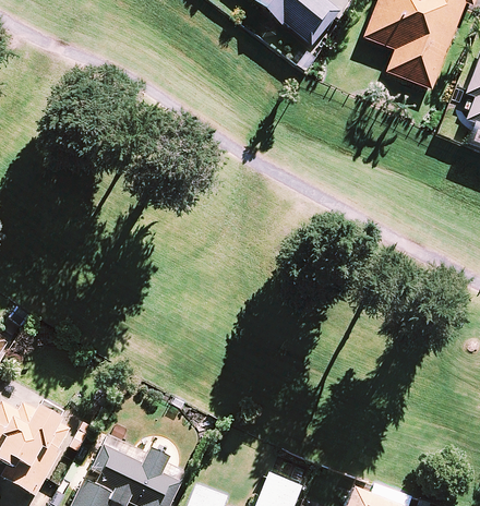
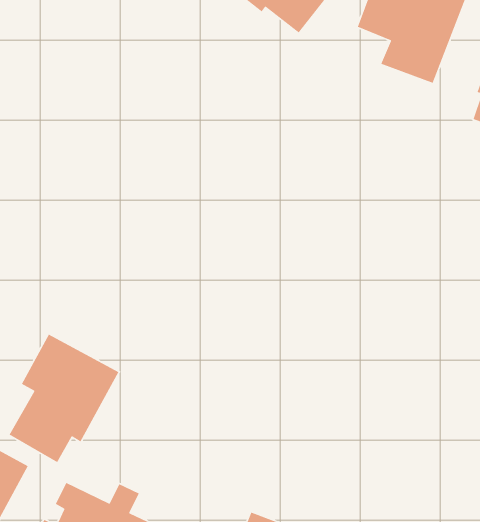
building: none -> [9,334,119,463]

